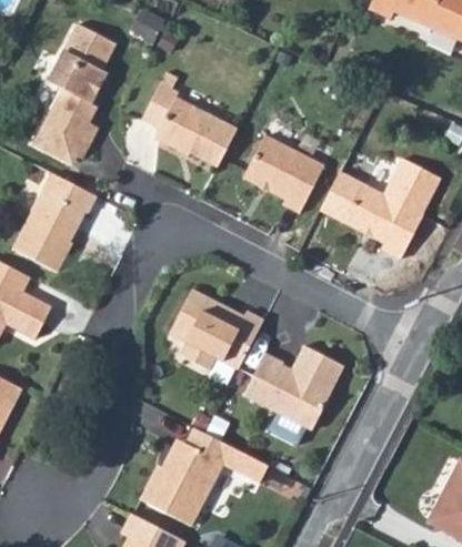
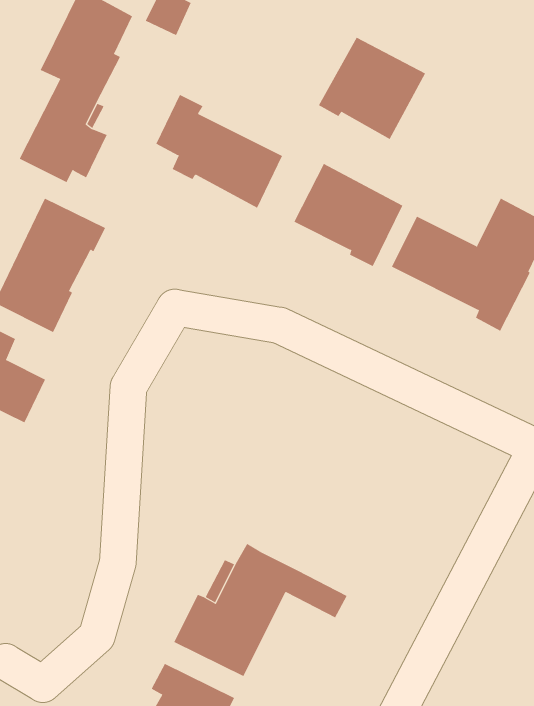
building: none -> [318,37,426,140]
building: [164,291,259,371] -> none
building: [238,343,339,444] -> none

